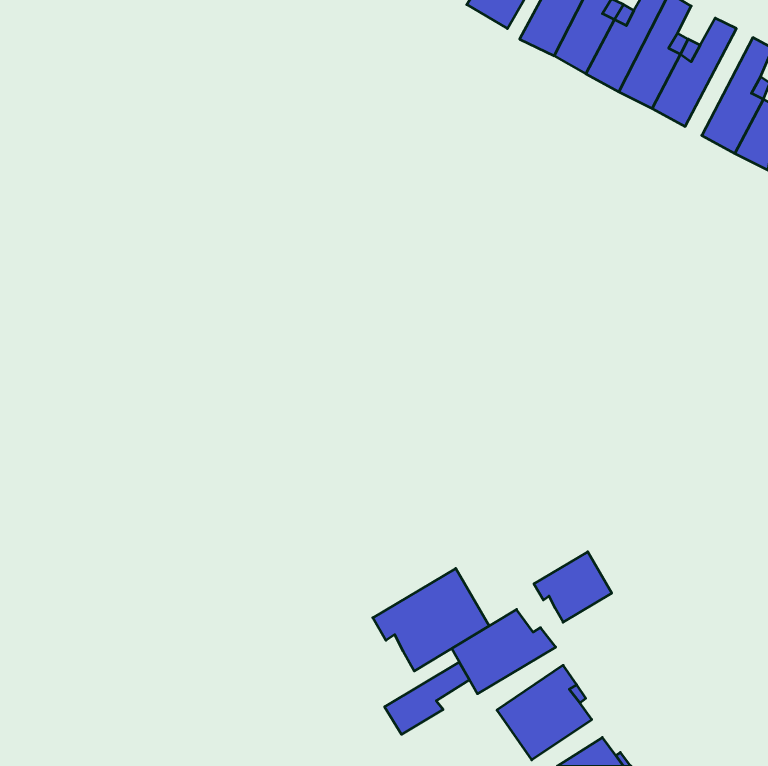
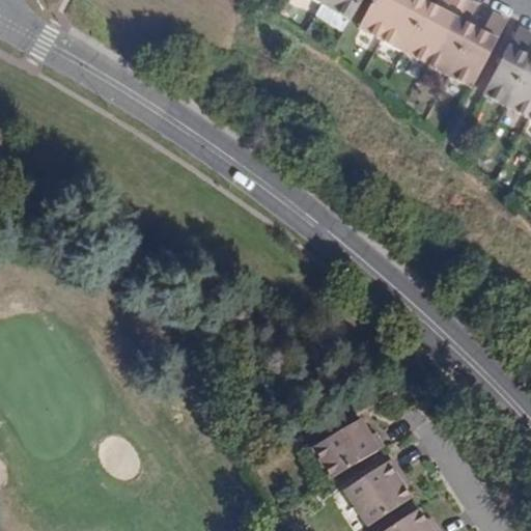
building: [534,552,612,622] -> none
building: [373,568,489,671] -> none
building: [385,662,469,734] -> none

